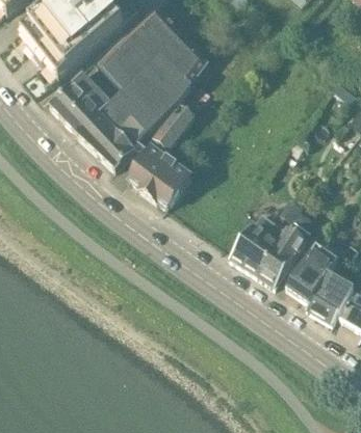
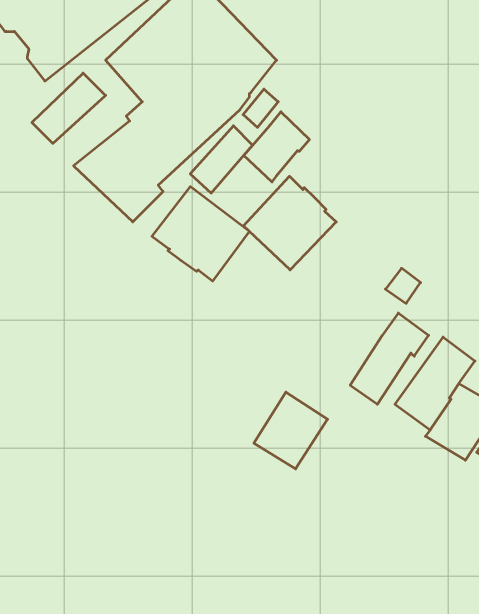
building: [62,84,112,130] -> none
building: none -> [244,112,309,182]
building: none -> [243,176,336,270]
building: [229,222,277,272] -> [254,392,328,469]

